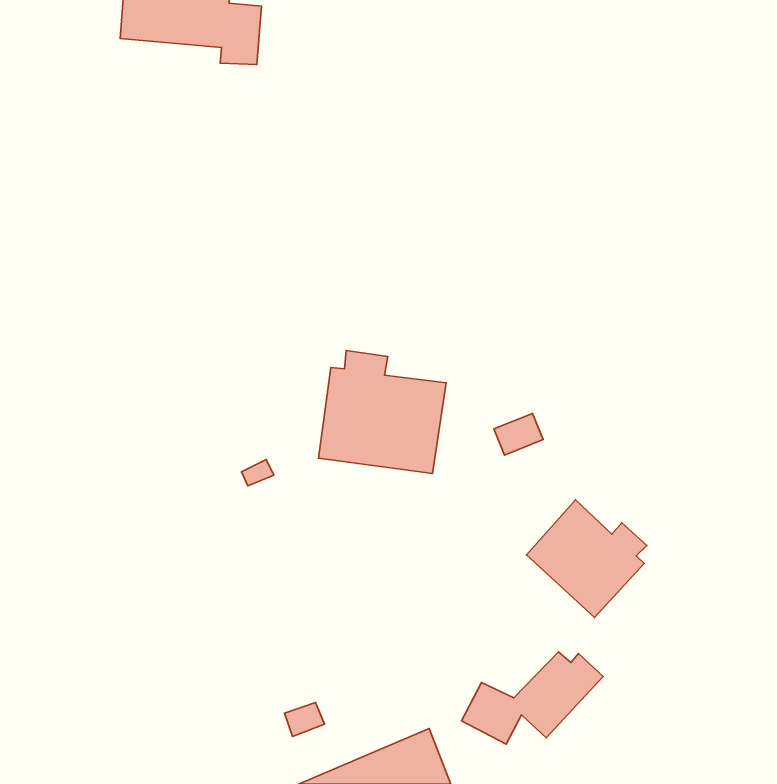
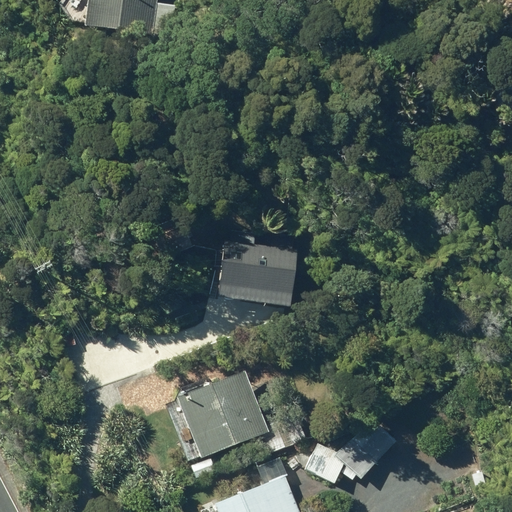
building: [527,500,647,617] -> none
building: none -> [174,371,268,458]

